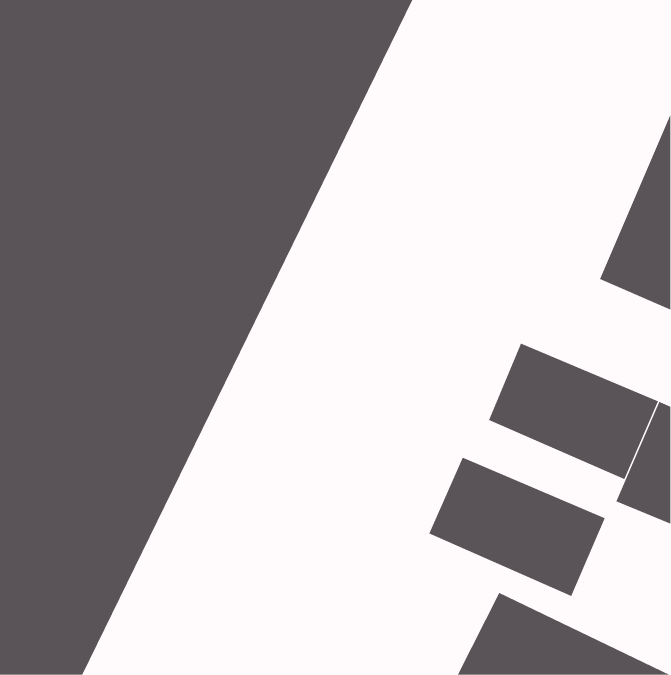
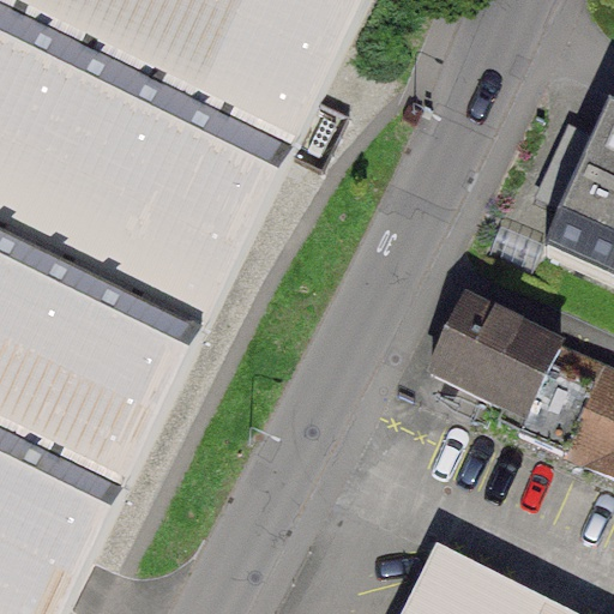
building: [429,457,606,597] -> none

